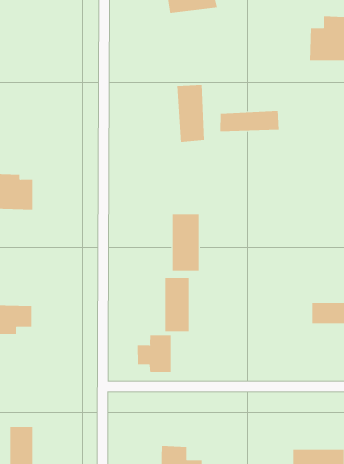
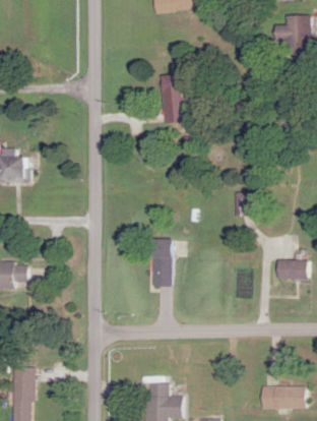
building: [220,110,279,132] -> none
building: [172,213,199,271] -> none
building: [137,334,171,373] -> none

